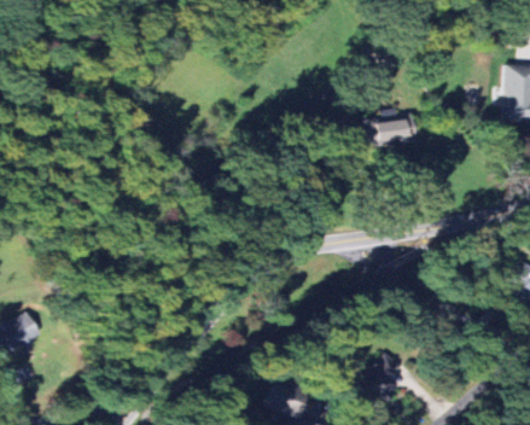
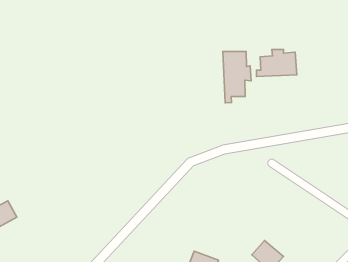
building: none -> [223,51,251,103]

